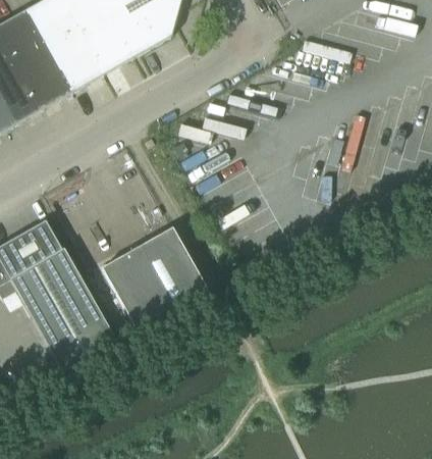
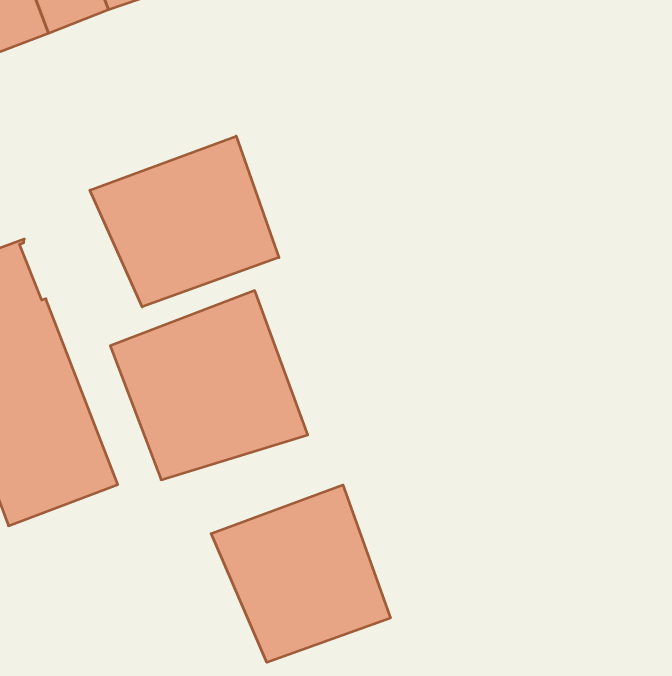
building: none -> [90,136,279,307]
building: none -> [211,485,390,662]

